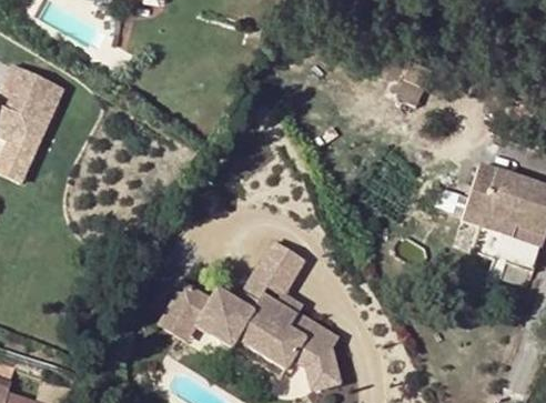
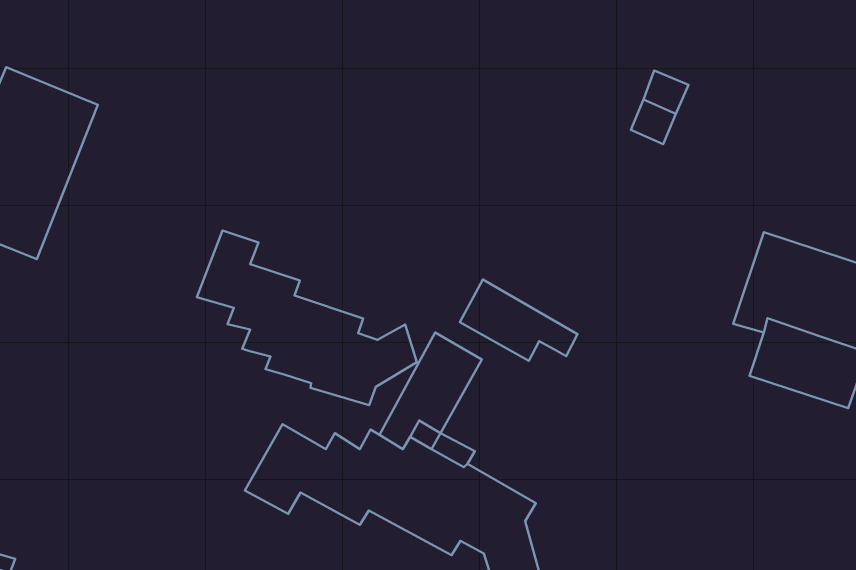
building: none -> [197,230,417,405]
building: none -> [460,280,577,361]

